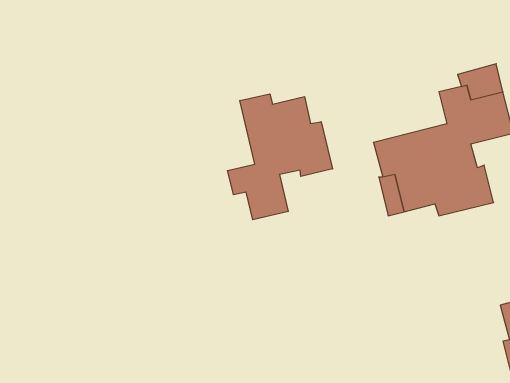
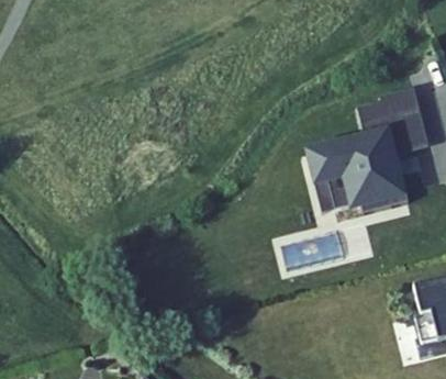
building: [227,94,333,220] -> none

